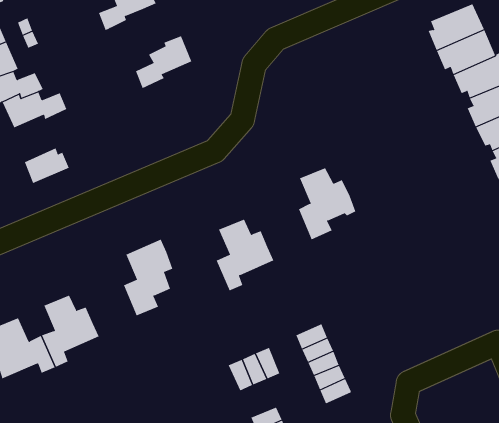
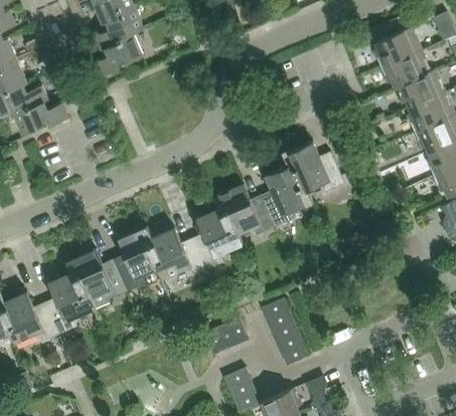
building: [135,35,192,89] -> [94,32,142,77]
building: none -> [281,141,344,190]
building: [24,147,70,184] -> none
building: none -> [213,185,275,235]
building: none -> [151,228,205,279]
building: none -> [65,249,127,308]

